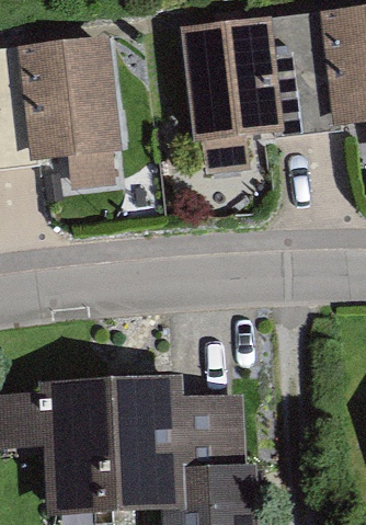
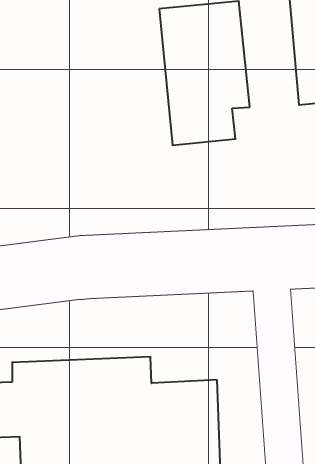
building: [28,38,121,175] -> none

